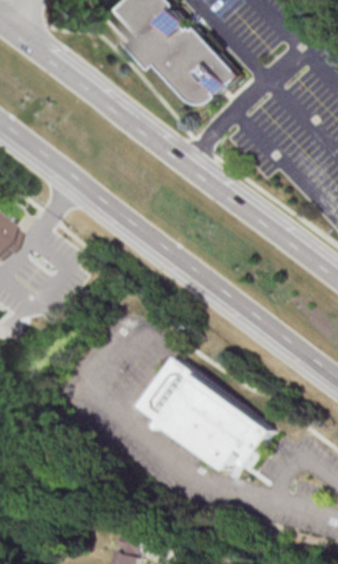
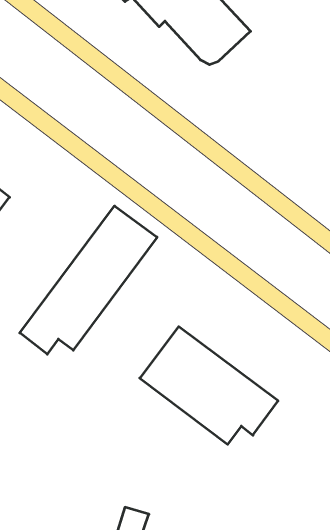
building: none -> [20,206,157,354]

